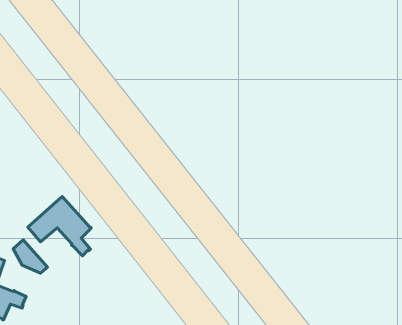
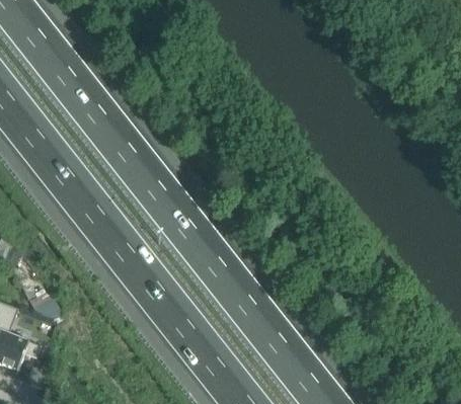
building: [28,196,91,256] -> none

